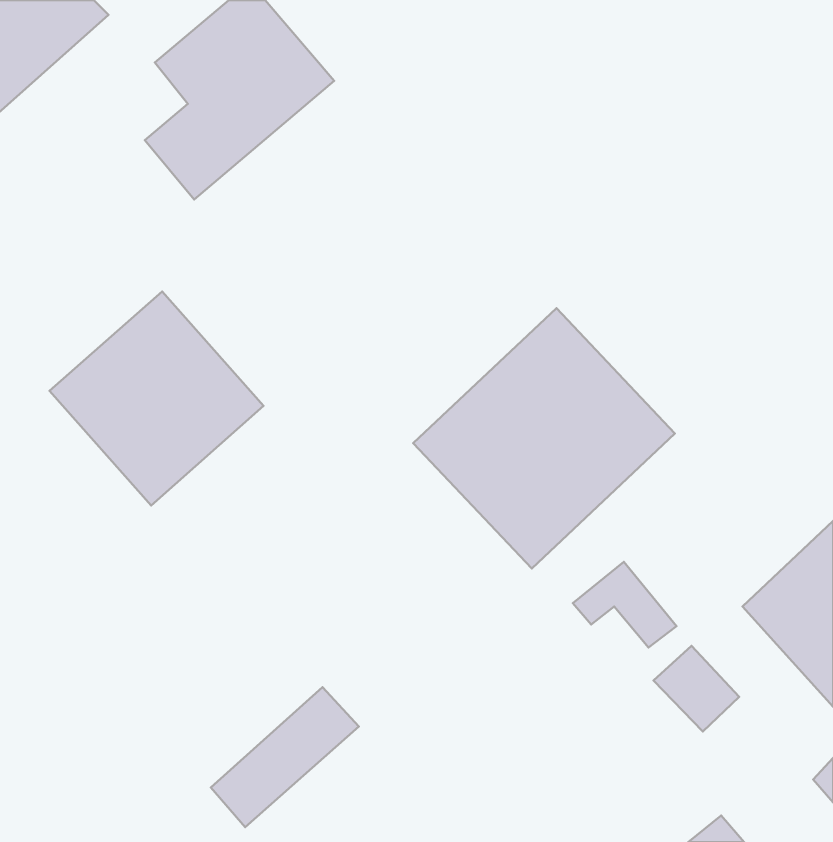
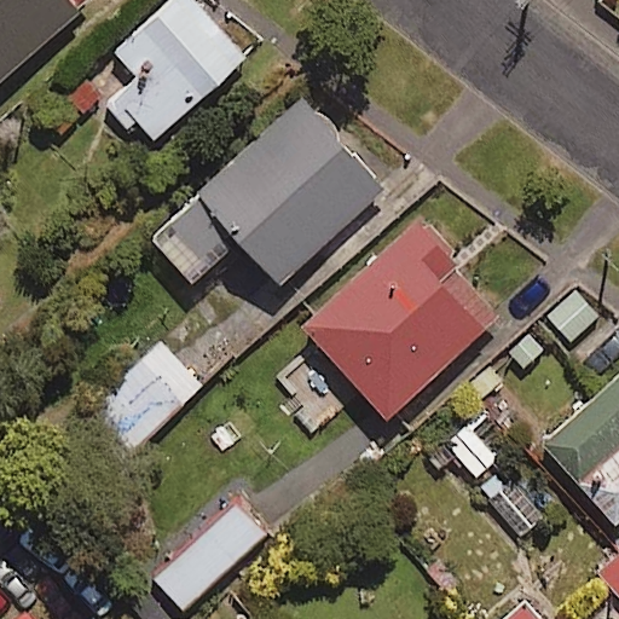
building: none -> [152,103,382,283]
building: [50,291,264,505] -> none

